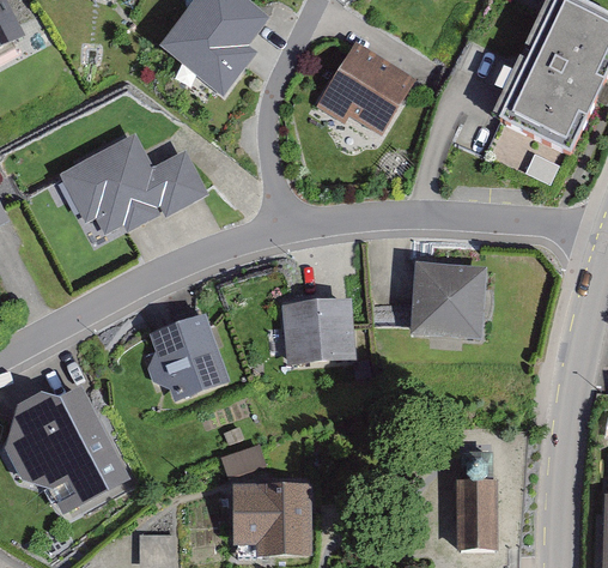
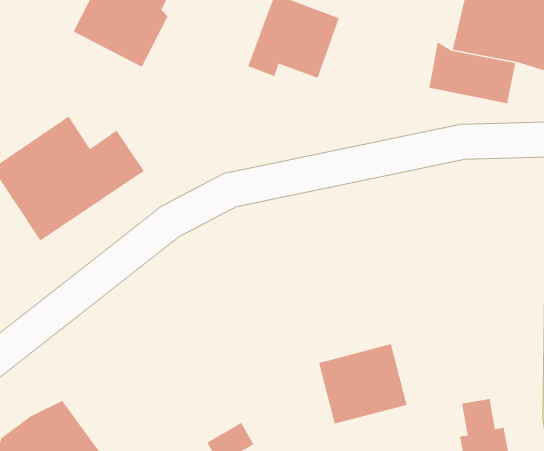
building: [414,260,493,340] -> none
building: [287,296,363,362] -> [318,343,407,425]
building: [146,307,243,403] -> none

